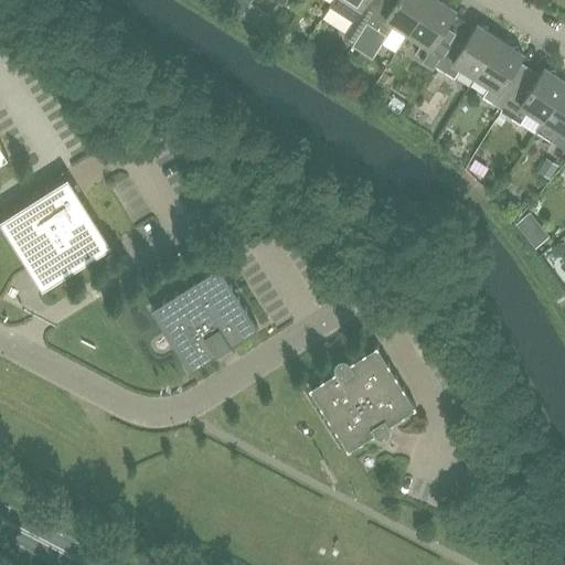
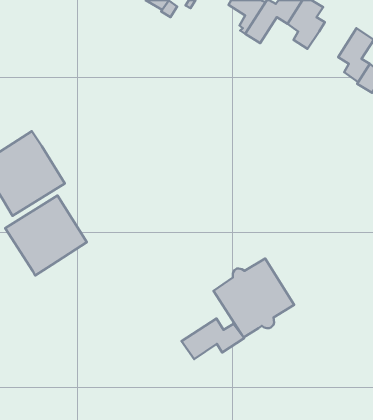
building: [435,28,500,82] -> none
building: [150,268,258,374] -> [5,196,87,275]
building: none -> [182,319,244,359]

